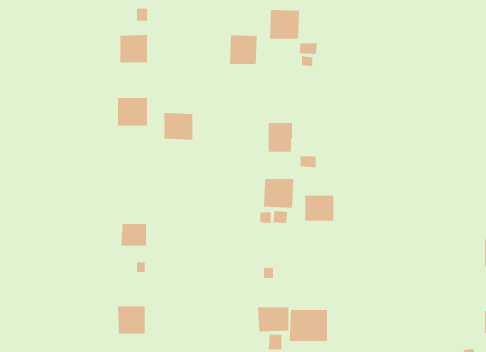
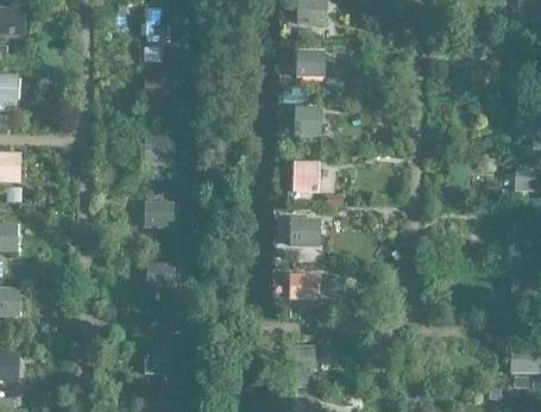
building: [229,35,258,64] -> [294,105,322,135]
building: [163,113,193,140] -> [144,200,174,227]
building: [304,195,334,221] -> [288,273,317,299]
building: [289,309,328,342] -> none

